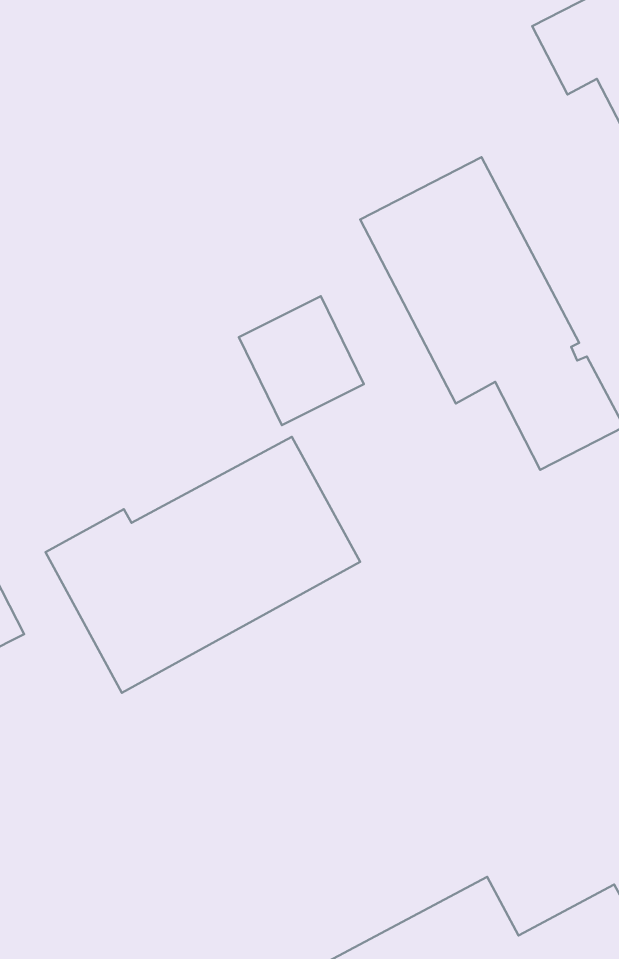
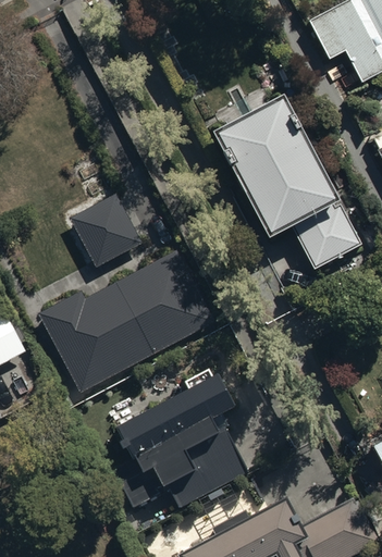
building: [239,296,364,425] -> [71,197,140,269]
building: none -> [115,372,248,510]

